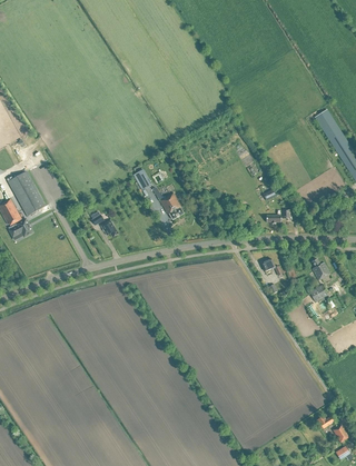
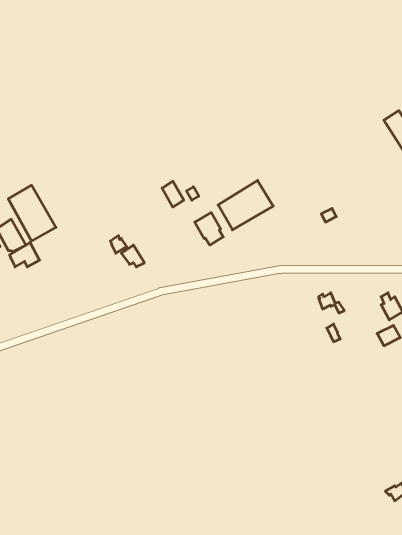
building: none -> [218,180,273,230]

